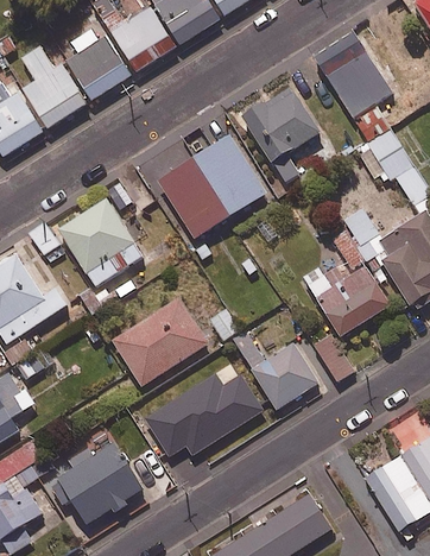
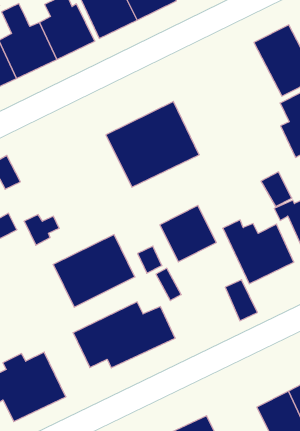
building: [238,86,320,188] -> none
building: [58,198,141,285] -> none
building: [251,342,318,410] -> [160,205,216,262]

